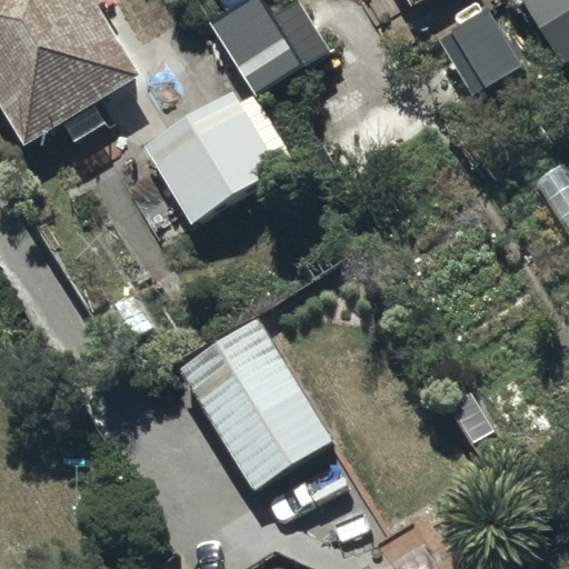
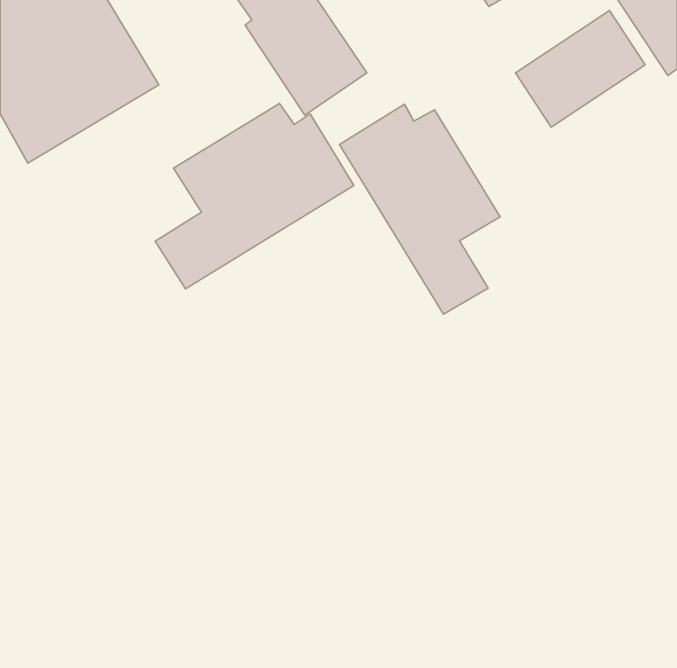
building: none -> [339,104,500,314]
building: [179,320,332,487] -> none

